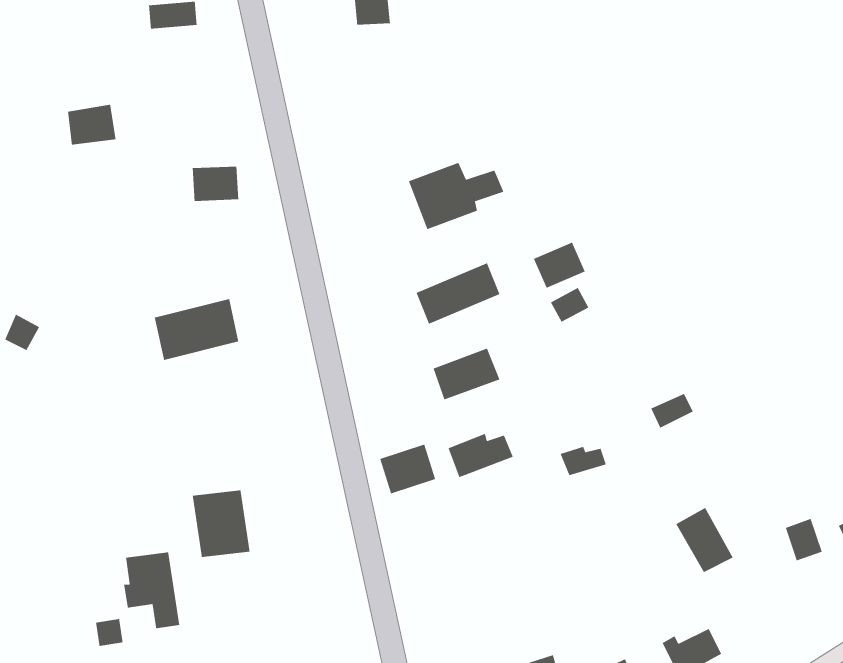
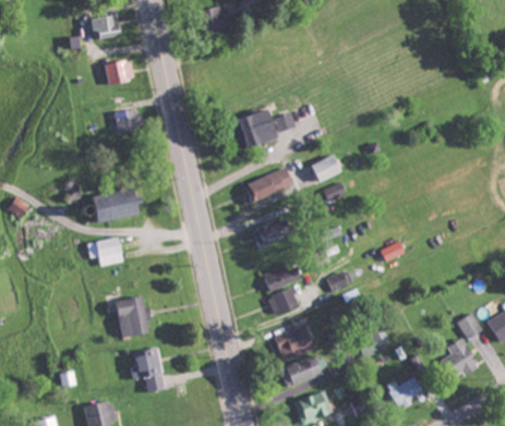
building: [67,104,116,145] -> [106,60,134,84]
building: none -> [84,239,122,265]
building: [379,443,436,494] -> [265,288,298,317]
building: [675,507,734,573] -> [445,339,479,377]
building: none -> [274,325,314,361]
building: [123,552,180,629] -> [131,348,164,392]
building: none -> [279,355,323,388]

